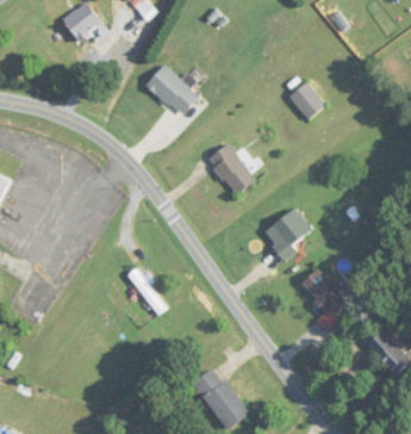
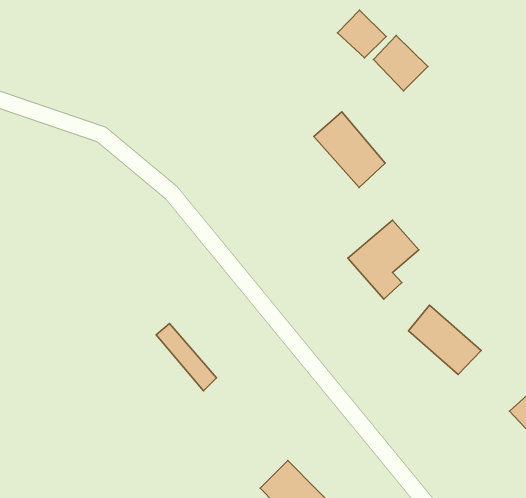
building: none -> [338,10,386,58]
building: [147,64,199,117] -> none
building: [206,143,254,196] -> [314,112,385,187]

